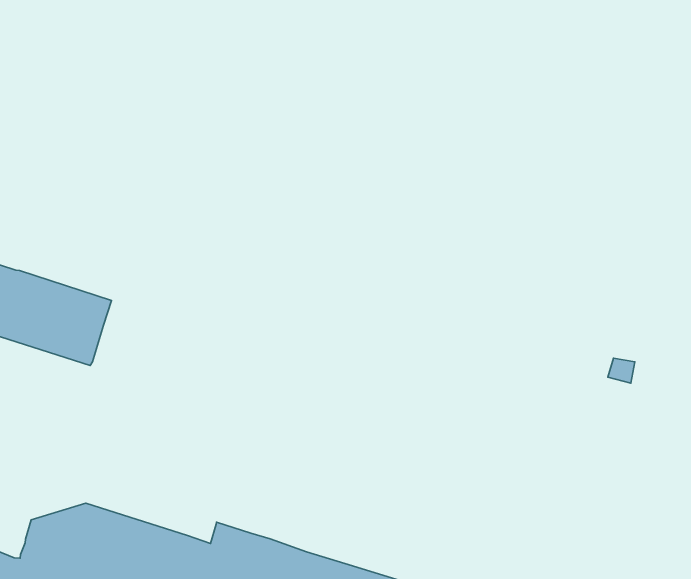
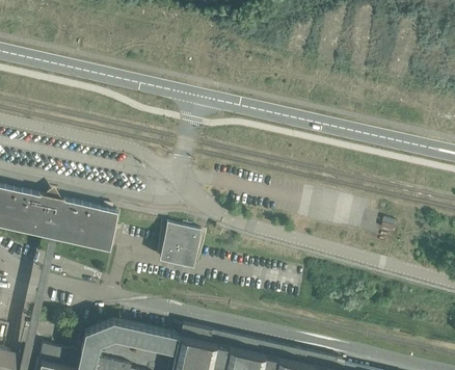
building: none -> [159,227,200,269]

